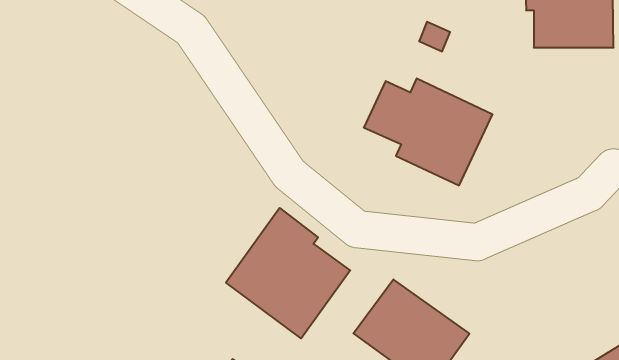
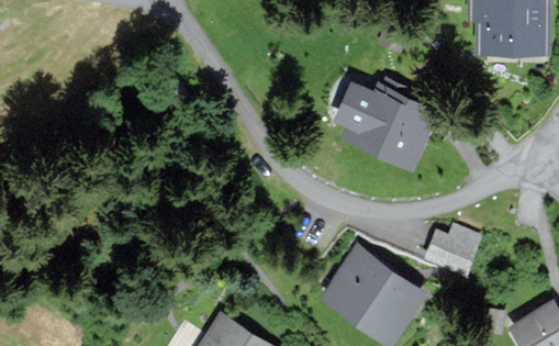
building: [226,208,350,338] -> none
building: none -> [427,228,479,274]

